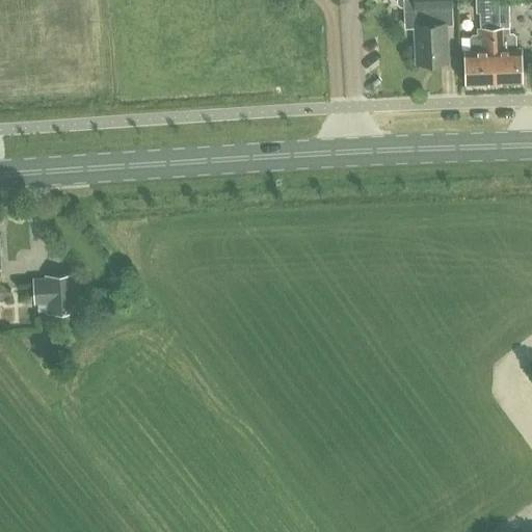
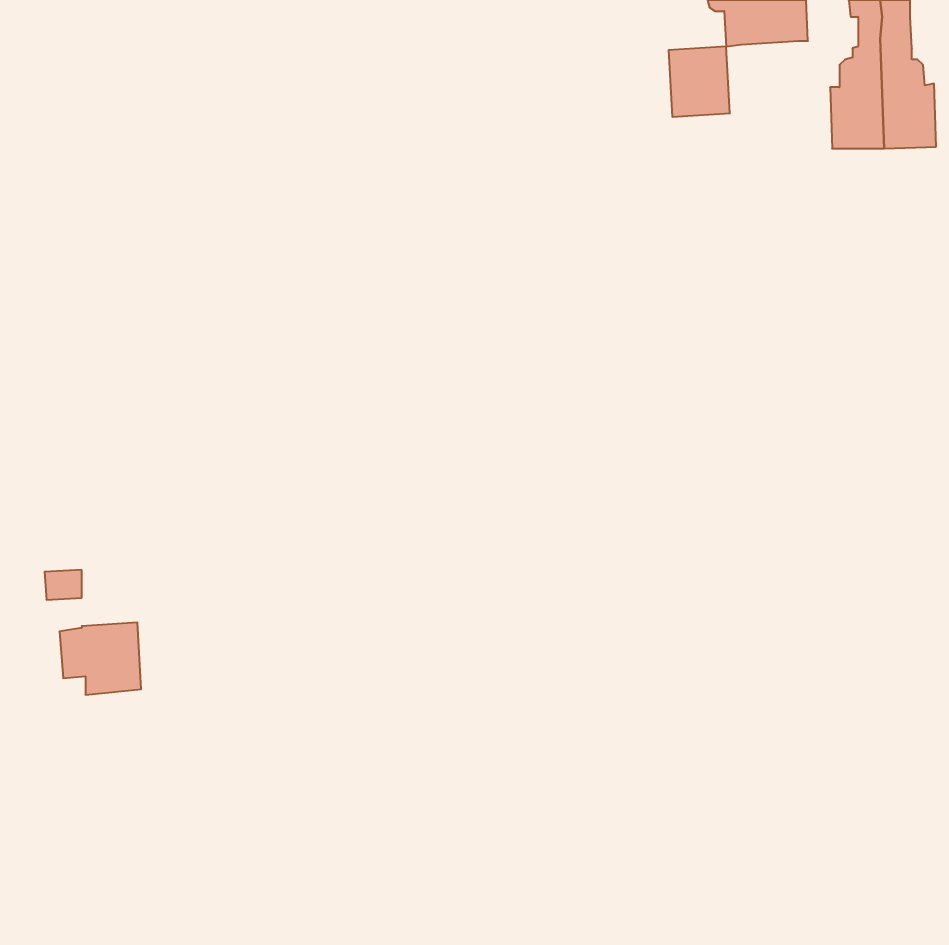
building: [415,25,449,64] -> [669,46,730,117]
building: [32,274,78,315] -> [59,622,141,695]

